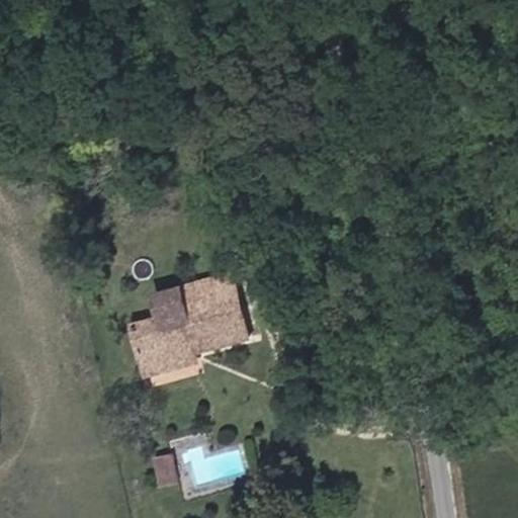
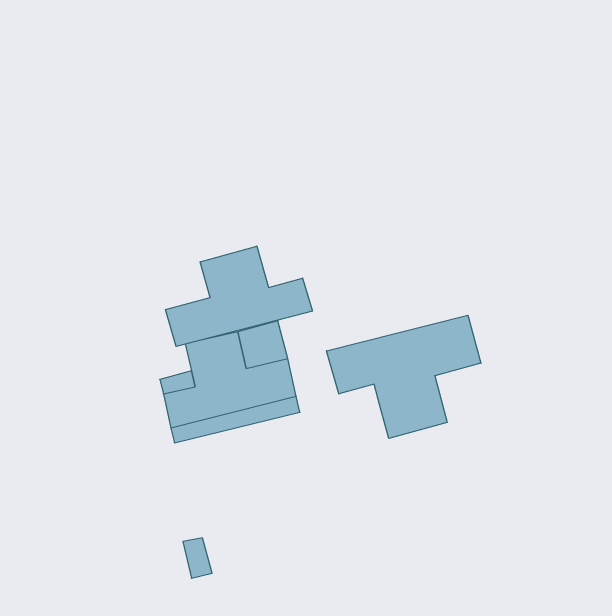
building: none -> [166,246,313,346]
building: none -> [327,315,481,438]

